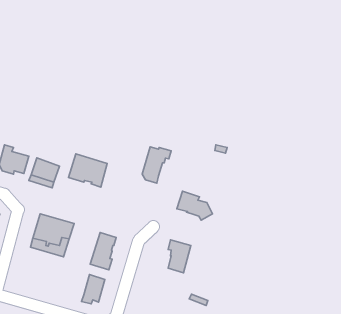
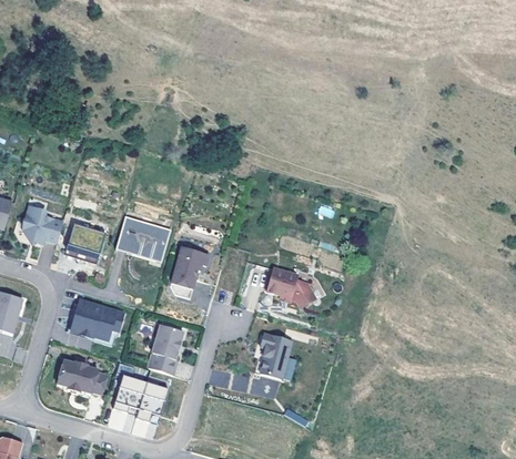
building: [142,147,171,183] -> [170,248,210,298]
building: none -> [57,360,107,394]
building: none -> [112,375,146,412]

